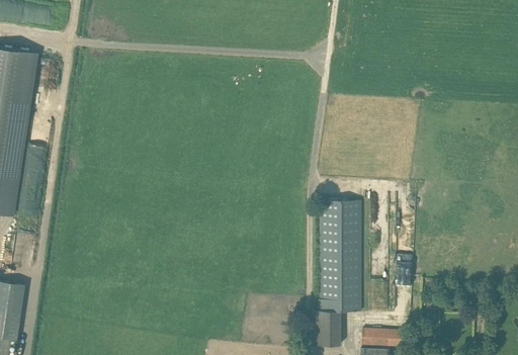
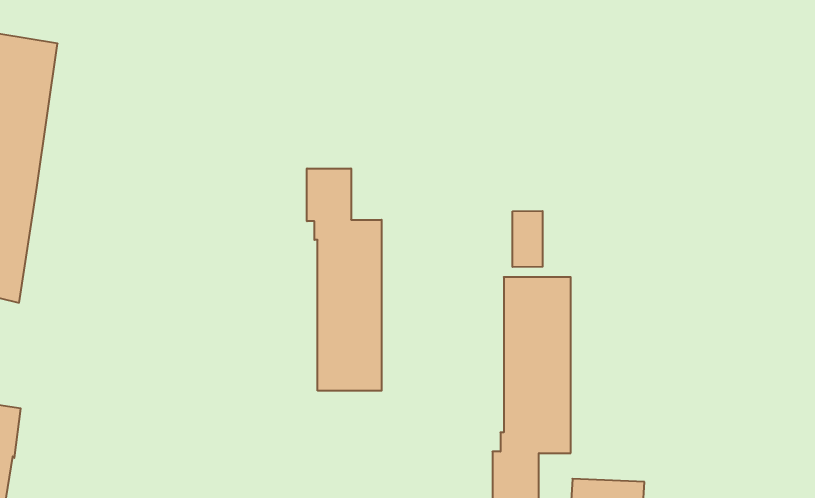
building: none -> [307,168,382,391]
building: none -> [513,211,543,267]

